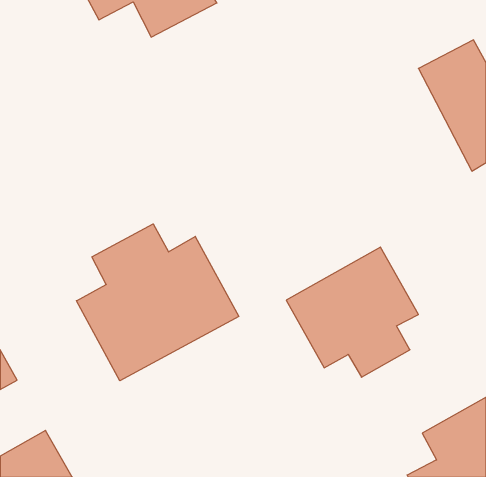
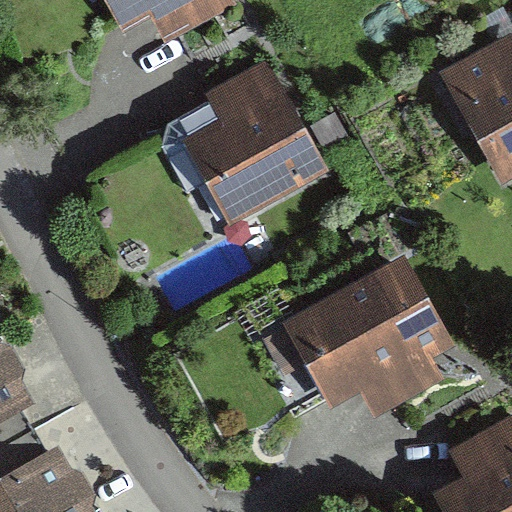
building: none -> [184,60,327,221]
building: [76,224,239,381] -> none

